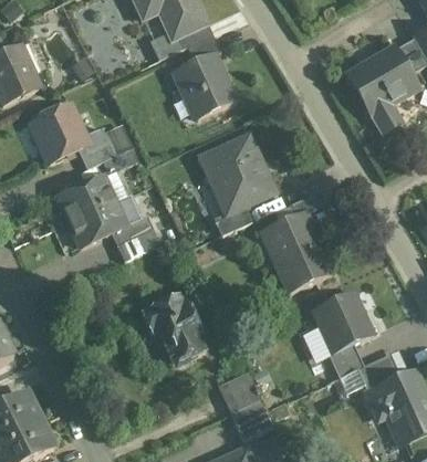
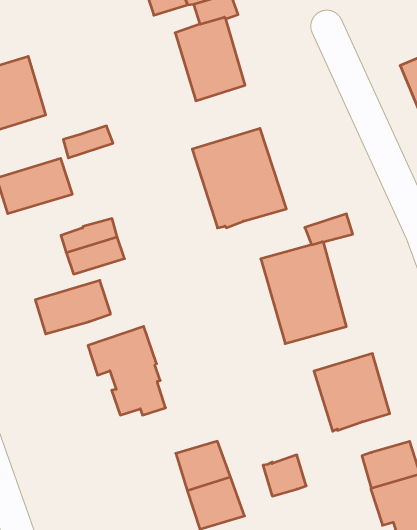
building: [77,126,115,168] -> none
building: [69,201,126,246] -> [35,280,110,334]
building: [216,204,253,234] -> none
building: [330,343,364,376] -> [263,455,306,496]

